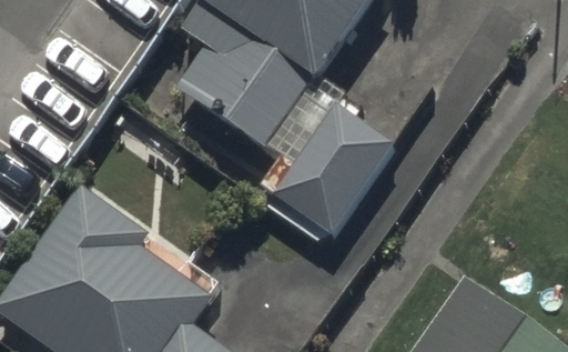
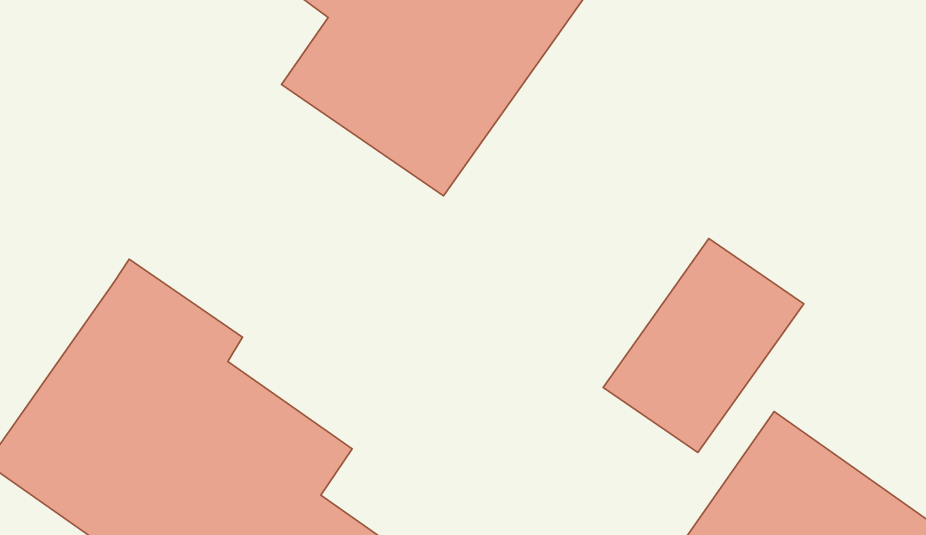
building: [274,101,394,229] -> [603,239,804,452]

